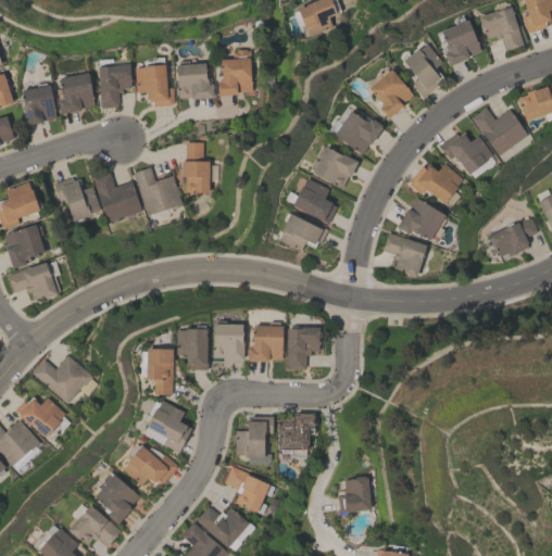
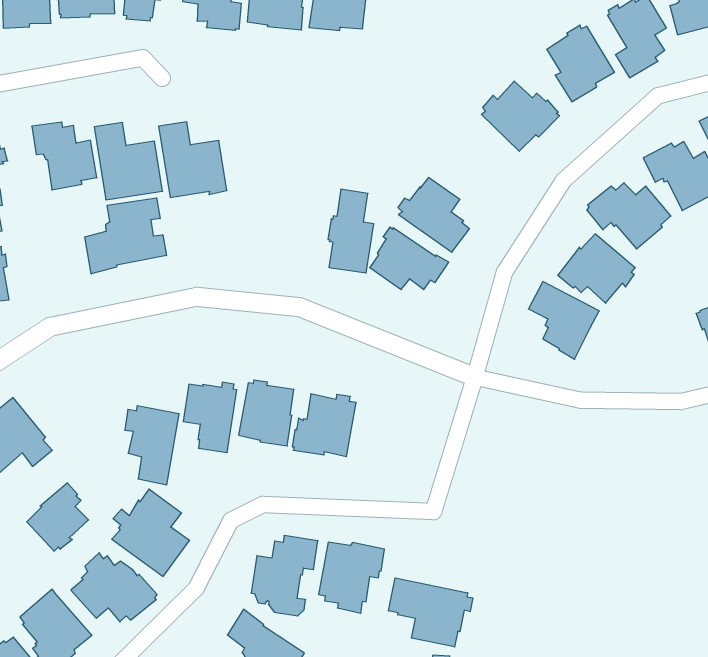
building: [183,142,210,192] -> [328,189,374,273]
building: [313,146,360,187] -> none
building: none -> [85,198,166,274]
building: [287,326,319,369] -> none
building: none -> [27,483,89,551]
building: none -> [388,578,473,647]

